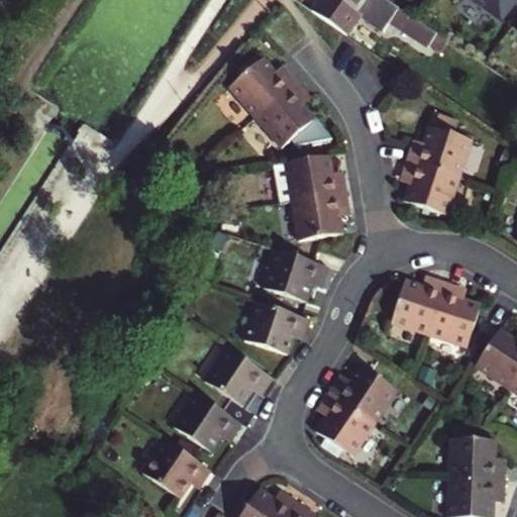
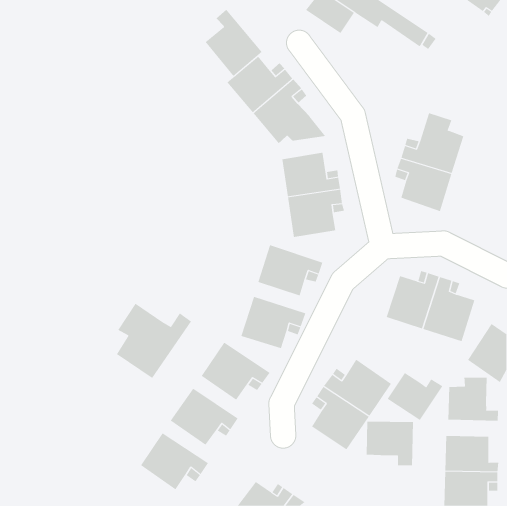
building: none -> [205,9,263,77]
building: none -> [116,303,192,379]
building: none -> [387,372,443,421]
building: none -> [448,377,498,422]
building: none -> [366,421,413,466]

